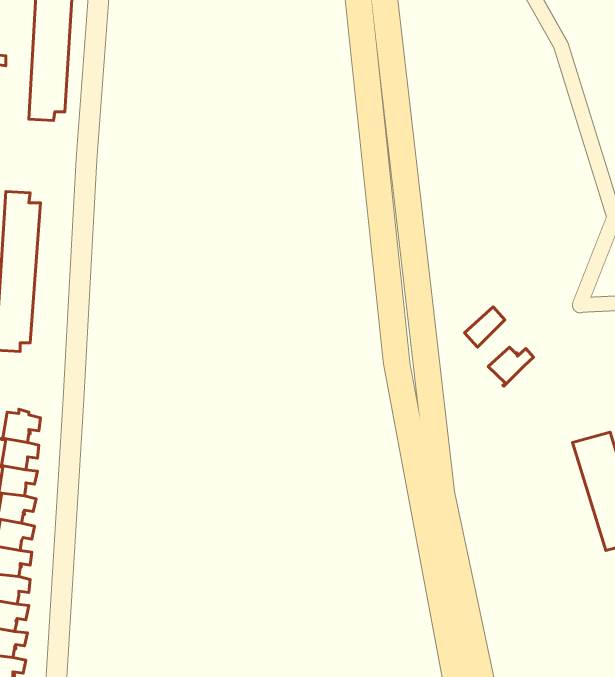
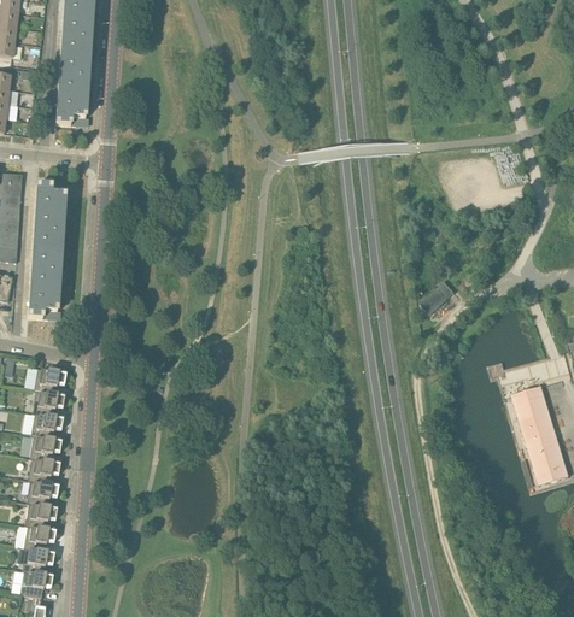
building: [488,347,534,386] -> none

